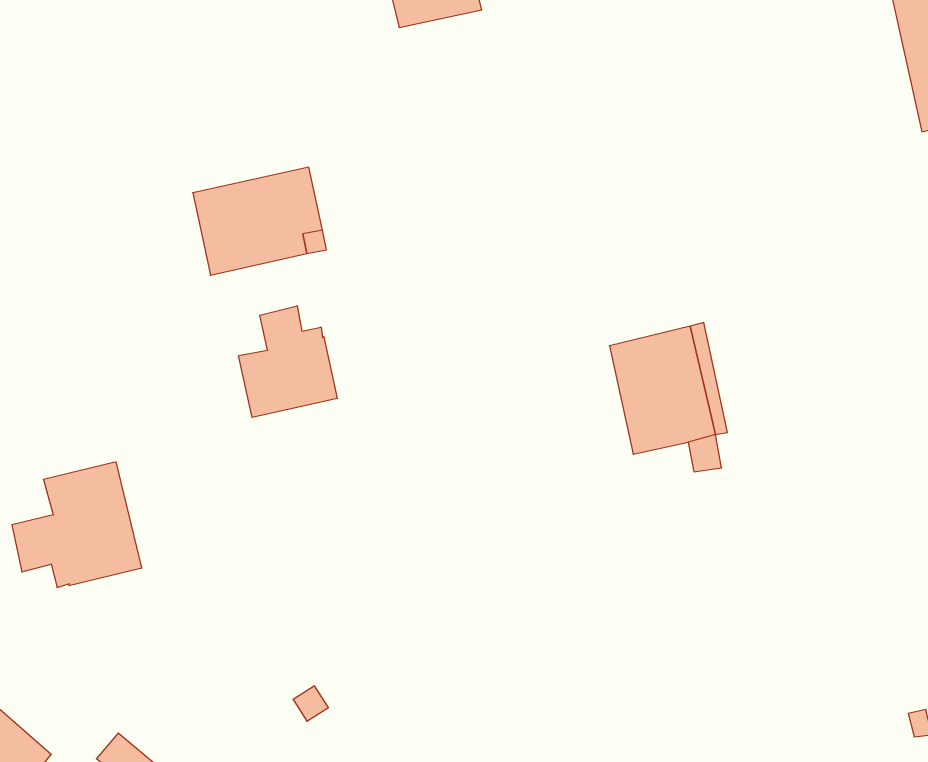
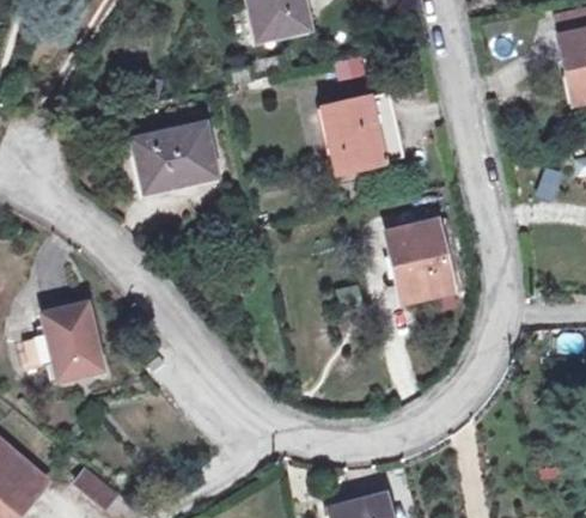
building: none -> [324,93,404,172]
building: [239,306,337,417] -> none

